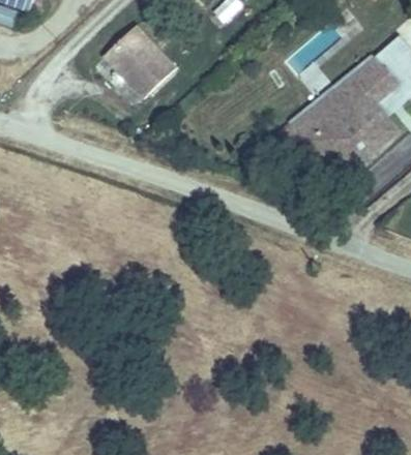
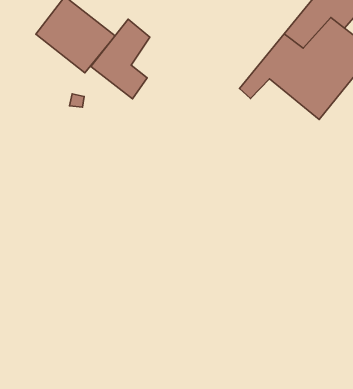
building: none -> [91,19,150,99]

